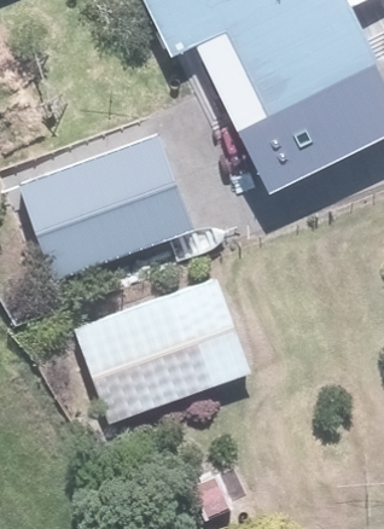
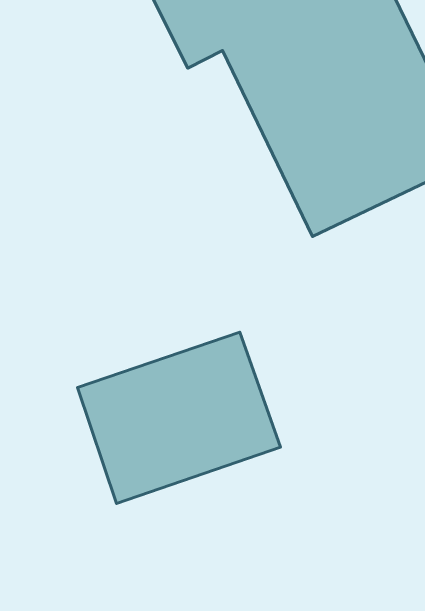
building: [25,132,188,275] -> none

